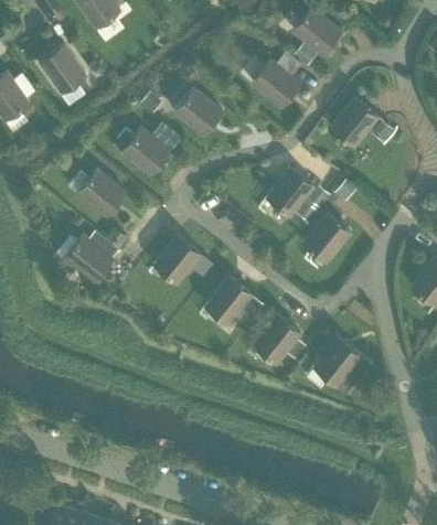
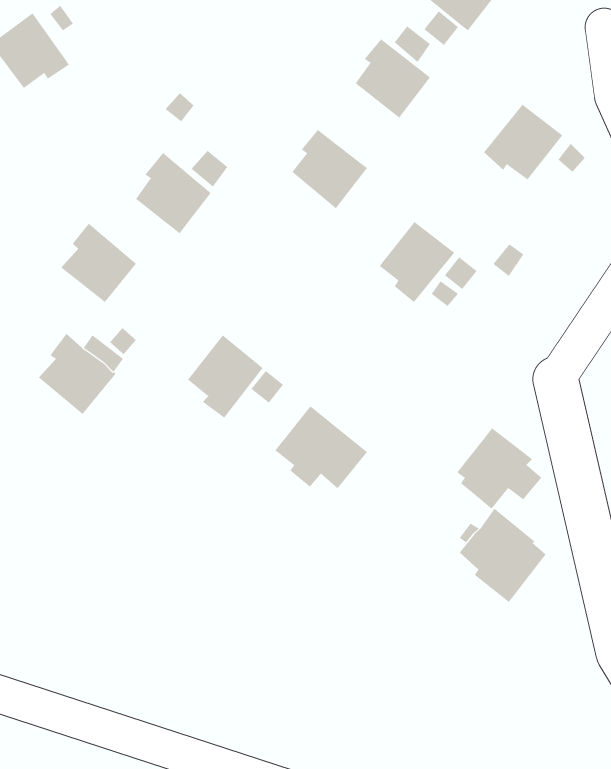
building: [177,89,222,137] -> [291,129,368,209]
building: [302,215,350,260] -> none
building: [255,317,306,365] -> [457,427,542,509]

